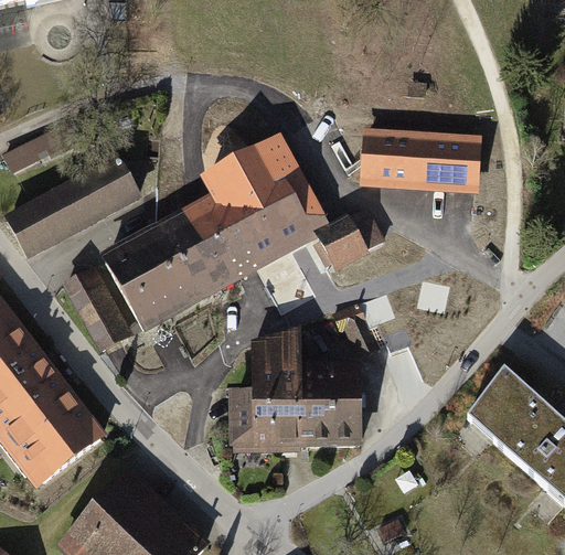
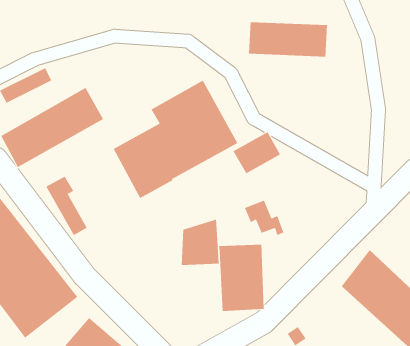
building: [367,136,475,183] -> [248,22,328,57]
building: [106,234,193,329] -> none
building: [225,388,303,456] -> none

